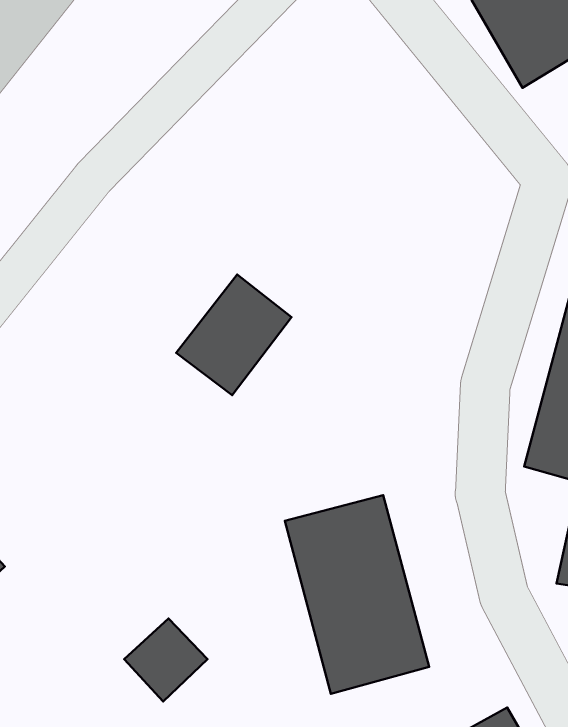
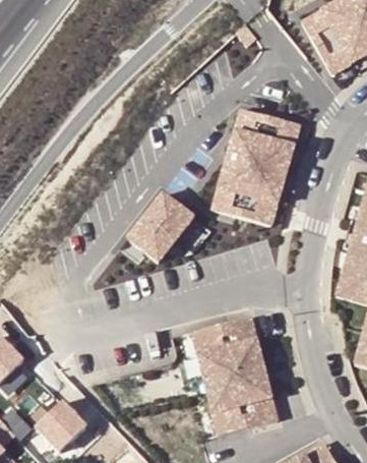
building: none -> [215,110,300,226]
building: [124,618,207,702] -> [37,403,86,453]

